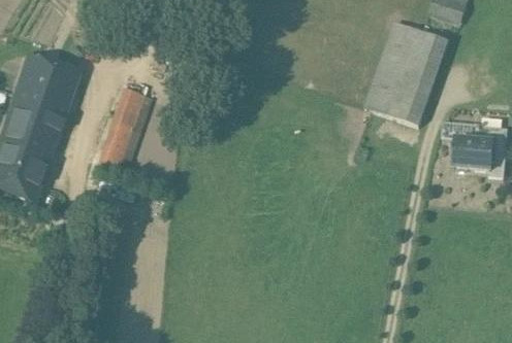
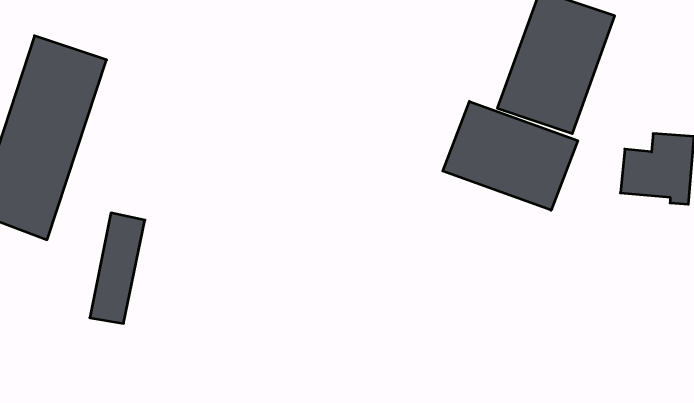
building: [100,85,140,166] -> [90,213,145,323]
building: none -> [443,101,578,210]

